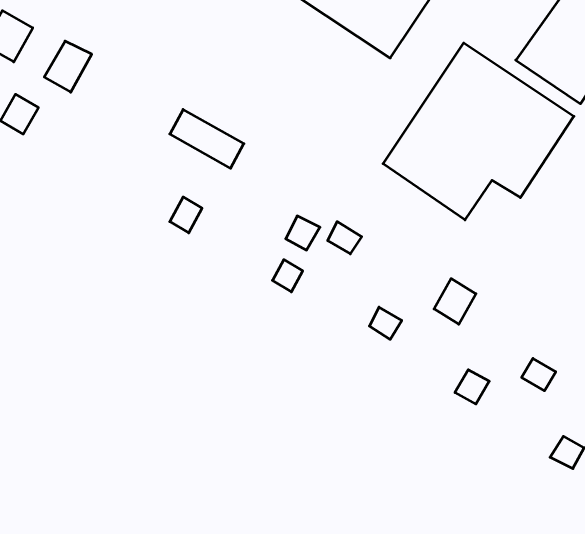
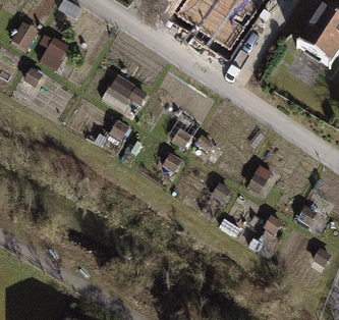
building: [383,43,574,220] -> none

